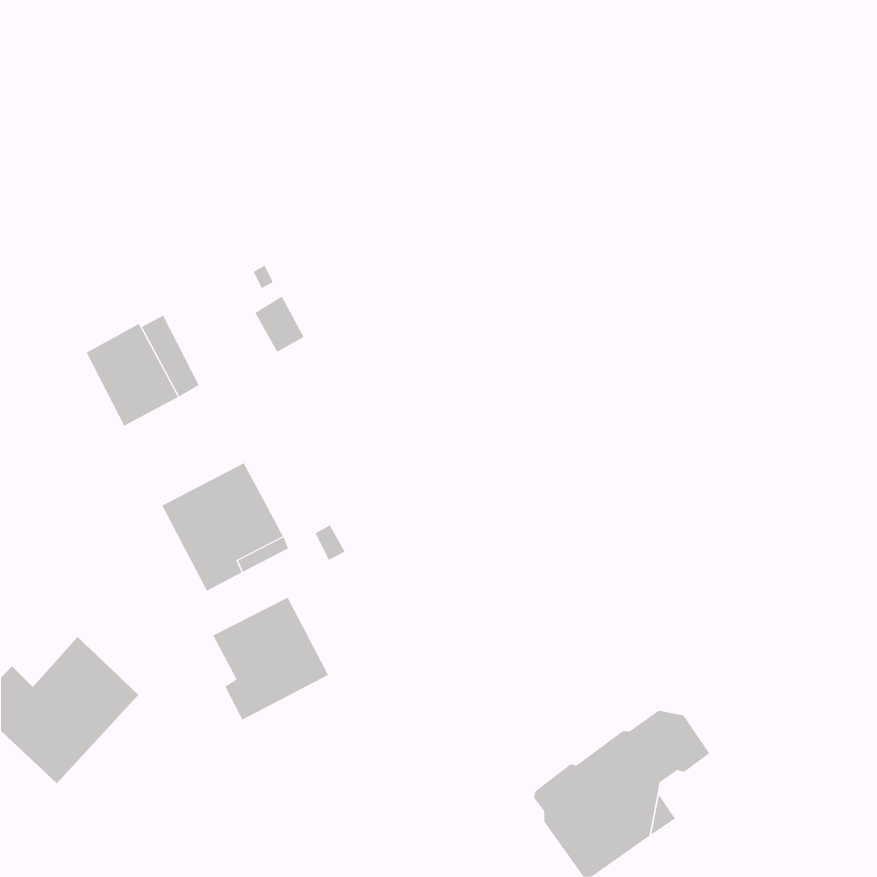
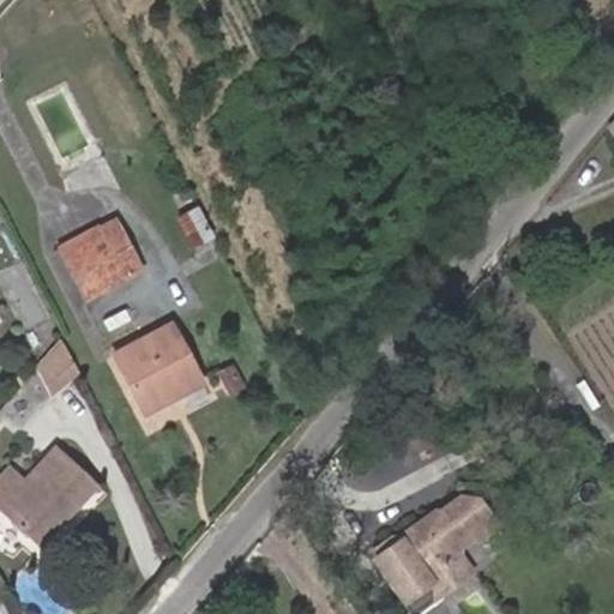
building: none -> [36,338,79,396]
building: [213,597,329,720] -> none

